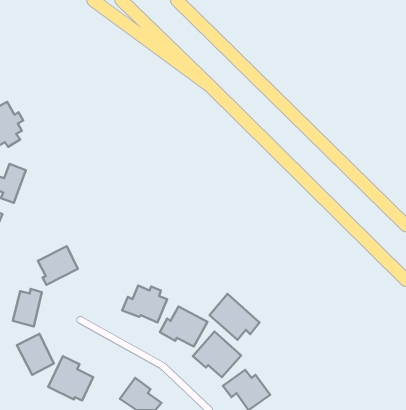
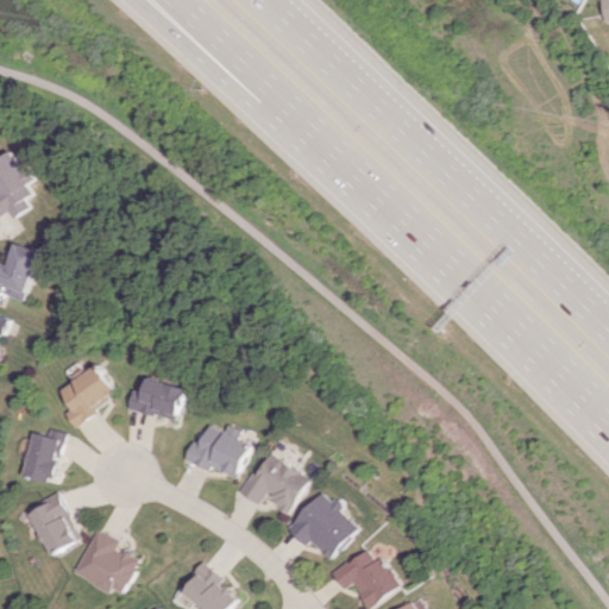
building: none -> [125,378,183,421]
building: [210,294,260,340] -> none

